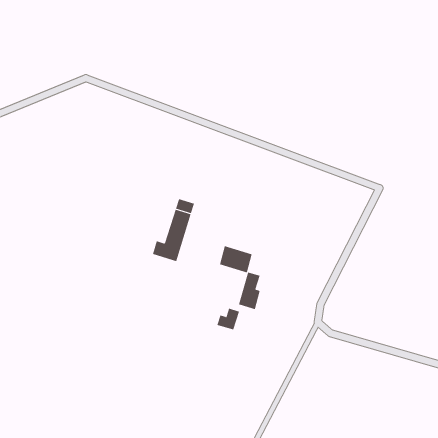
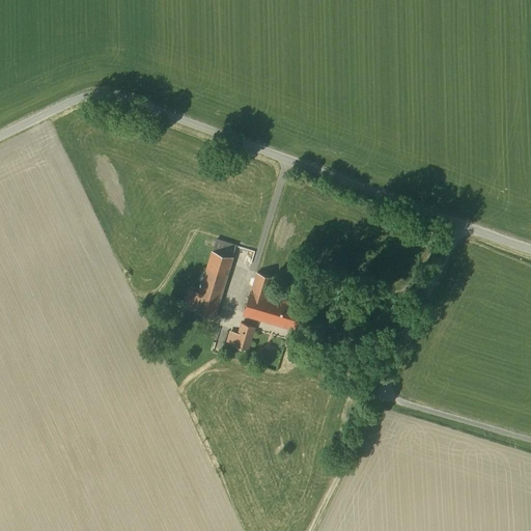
building: [238,272,261,310] -> [244,275,271,320]
building: [217,308,240,330] -> [226,324,254,351]

